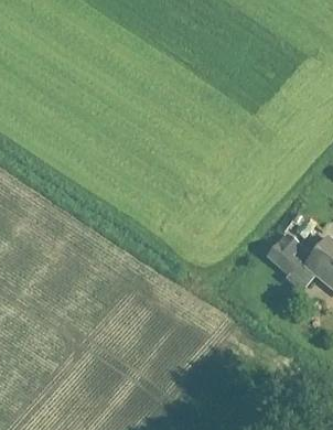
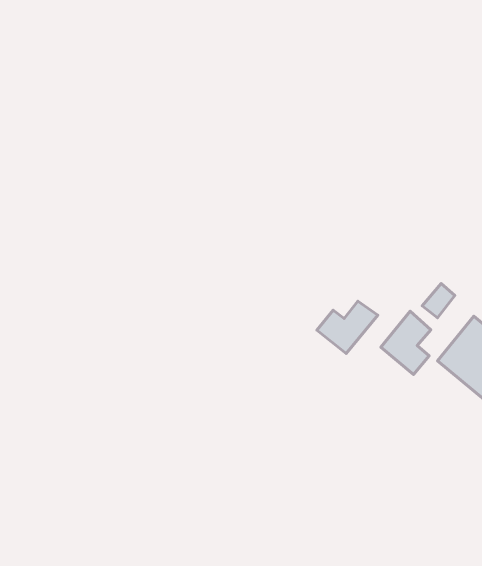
building: none -> [317,301,378,353]

